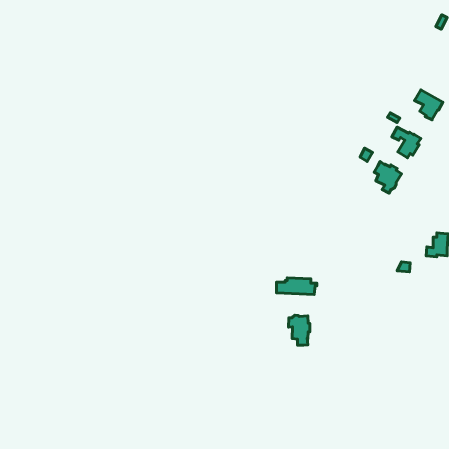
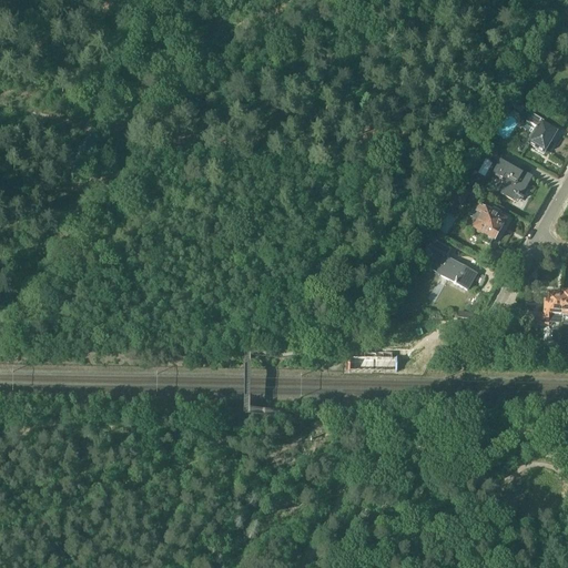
building: none -> [428,237,478,288]
building: [288,315,310,345] -> none

